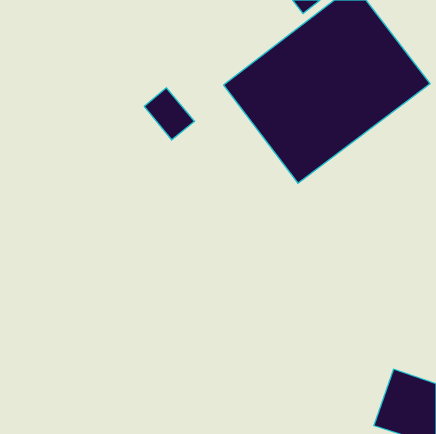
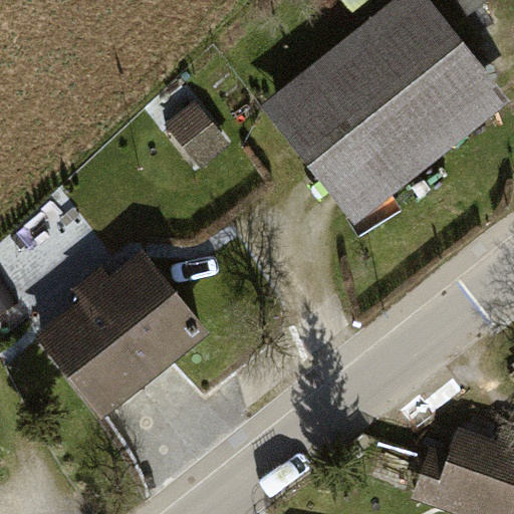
building: none -> [46,258,202,411]

